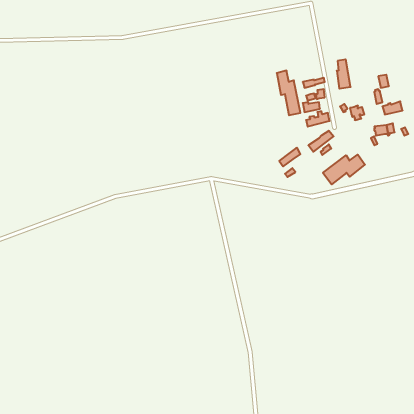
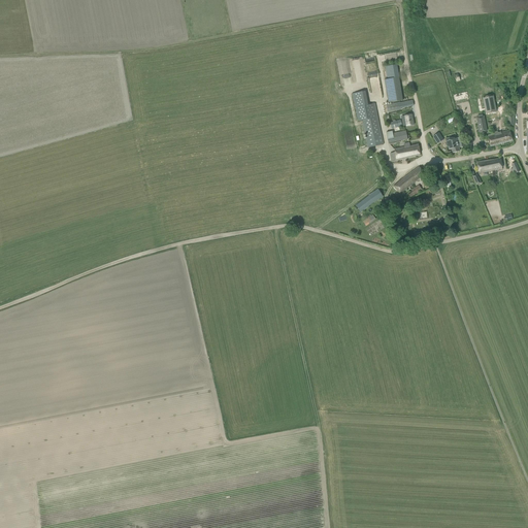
building: [337,59,351,89] -> [384,64,401,101]
building: [323,155,365,184] -> none

